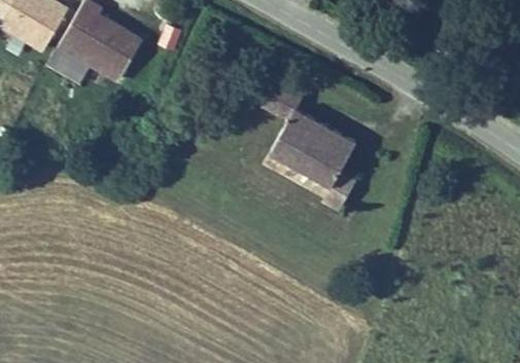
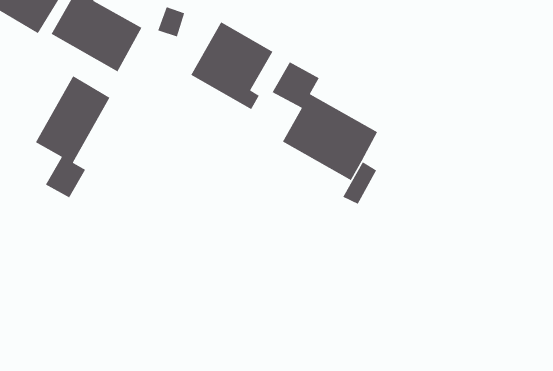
building: none -> [190,21,273,110]
building: none -> [35,75,110,199]

